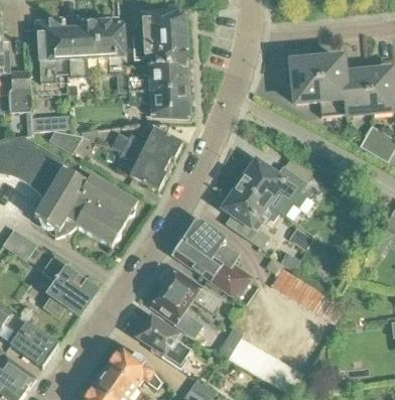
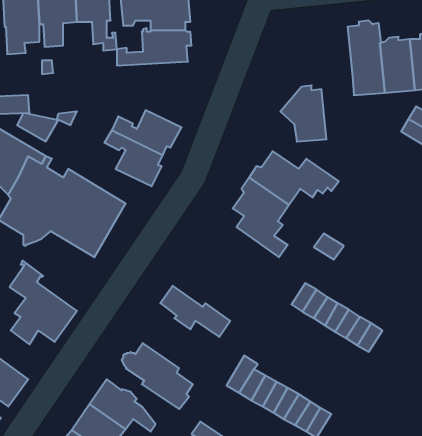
building: [282,56,319,102] -> [280,85,327,142]
building: [129,88,191,116] -> none
building: [171,220,252,298] -> none
building: [150,283,203,336] -> none

